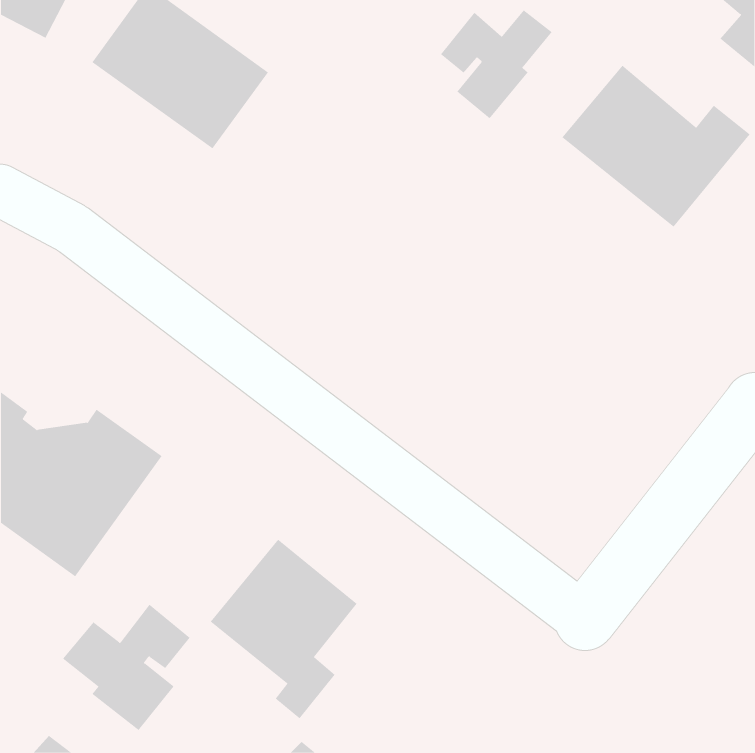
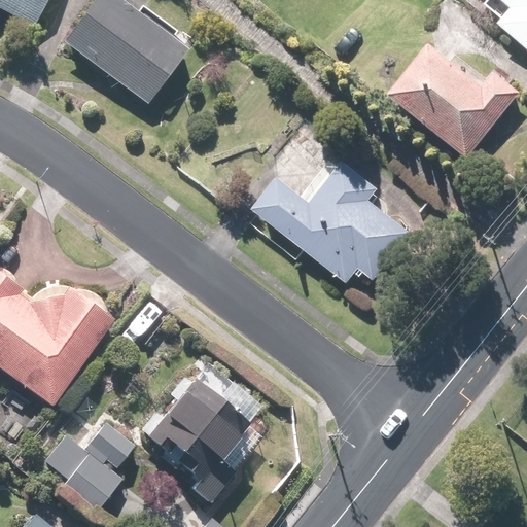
building: [440,10,553,119] -> none
building: none -> [257,164,413,284]

